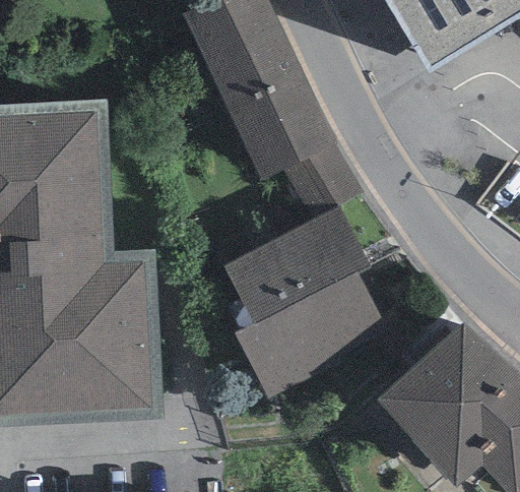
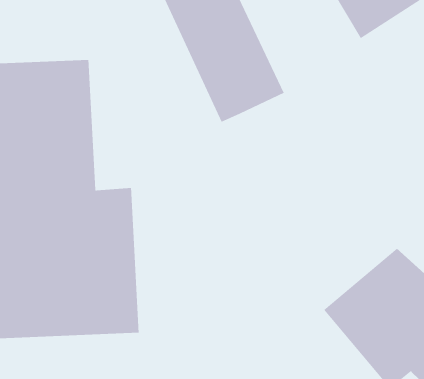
building: [281,139,360,212] -> none
building: [230,206,387,393] -> none

